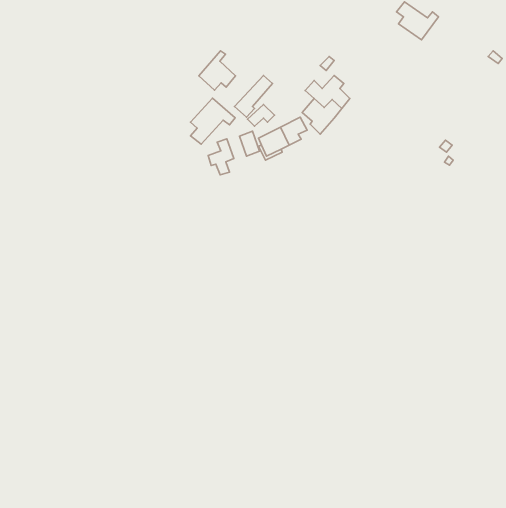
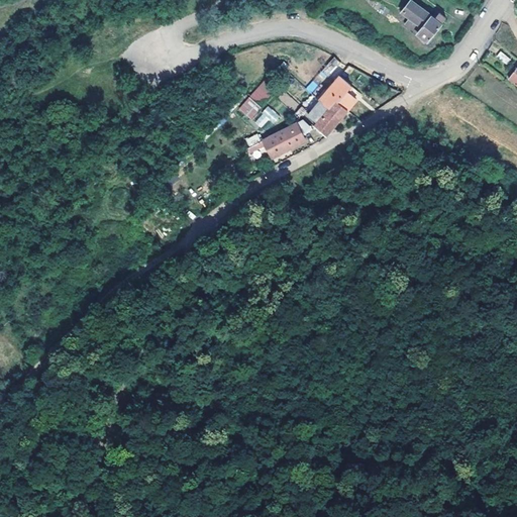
building: [199,51,236,90] -> none
building: [190,98,235,144] -> none
building: [208,139,234,175] -> none

